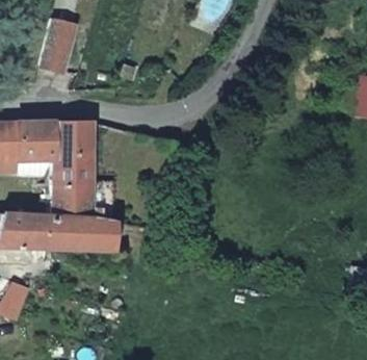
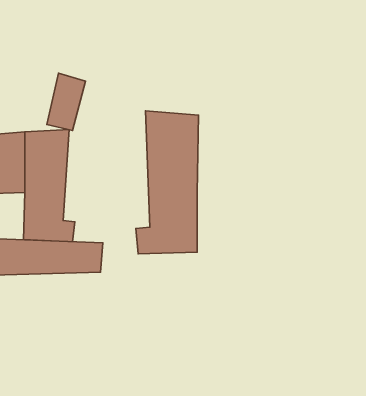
building: [37,20,72,71] -> [47,73,85,130]
building: none -> [136,111,199,254]

